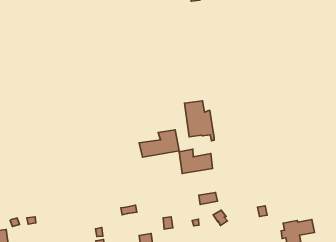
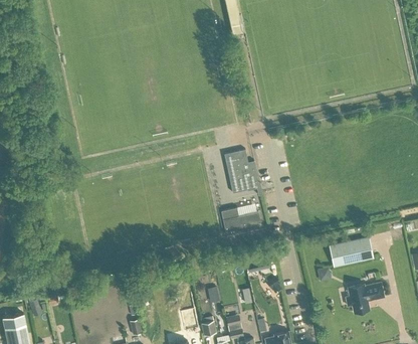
building: [139,130,179,157] -> none
building: none -> [328,236,373,266]

